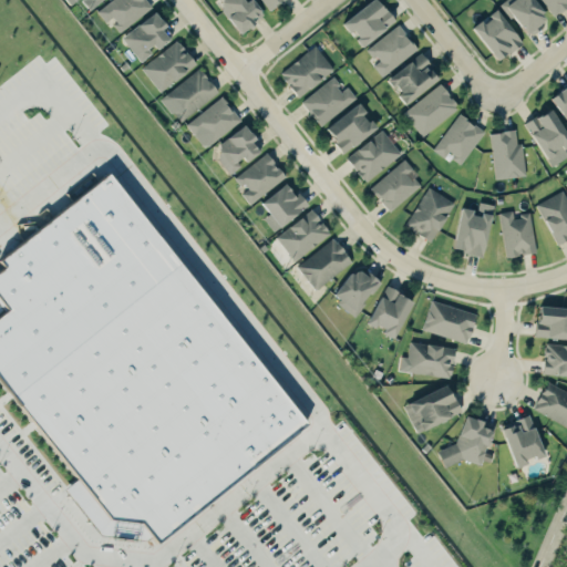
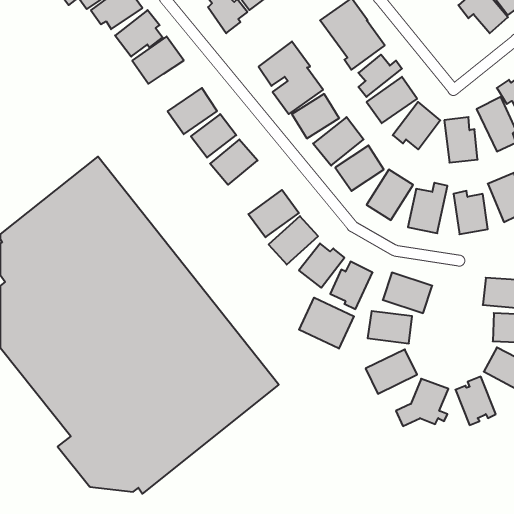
building: [483,11,533,62] -> none
building: [163,68,221,122] -> none
building: [258,183,307,230] -> none
building: none -> [299,298,354,349]

